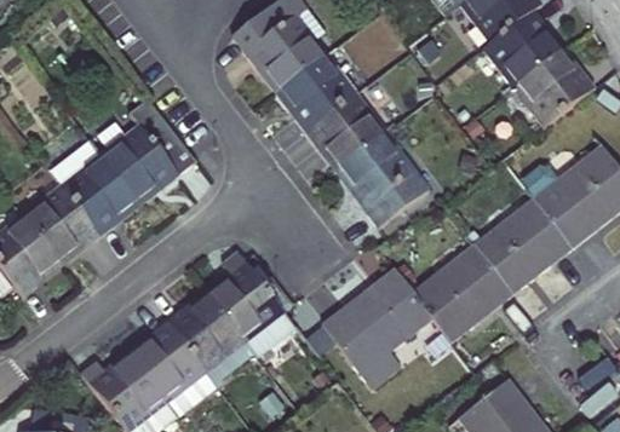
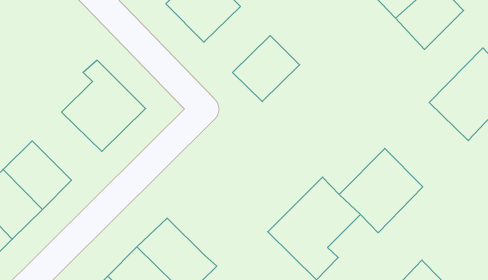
building: [279,54,357,131] -> none
building: [338,132,440,238] -> none
building: [51,137,142,232] -> none
building: [475,196,574,294] -> none
building: [208,249,299,356] -> none

